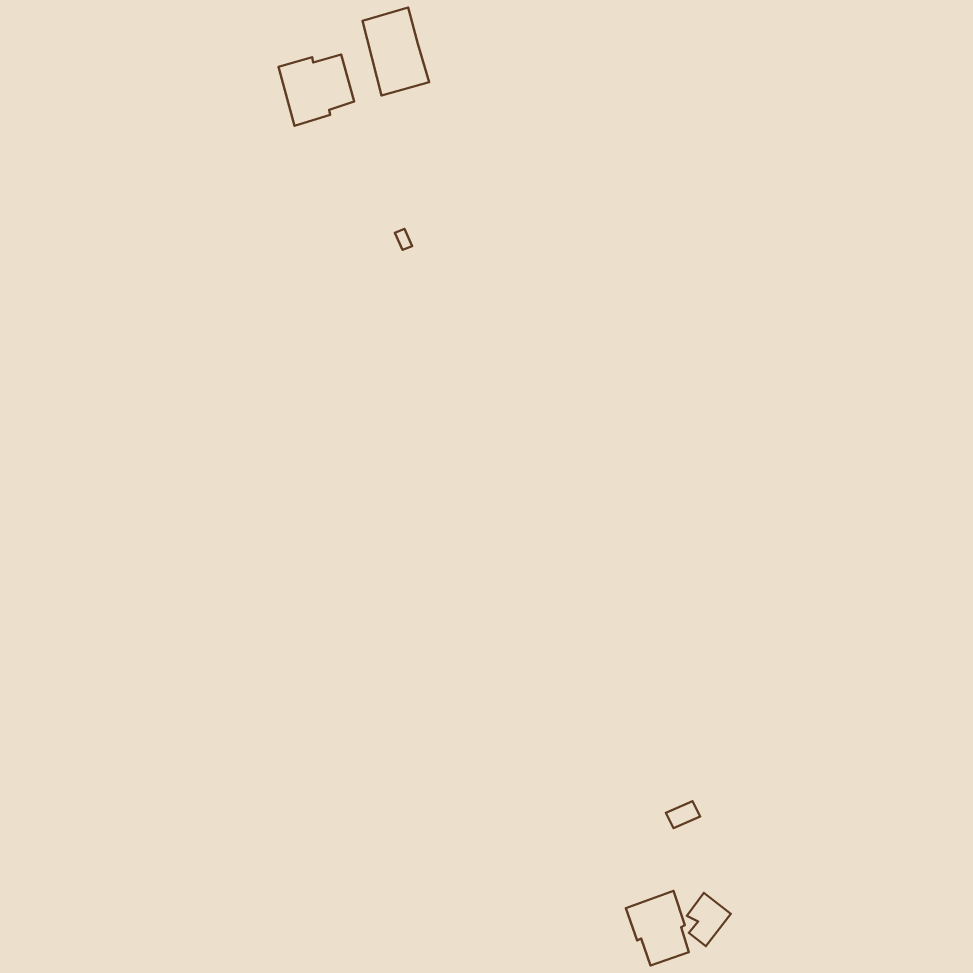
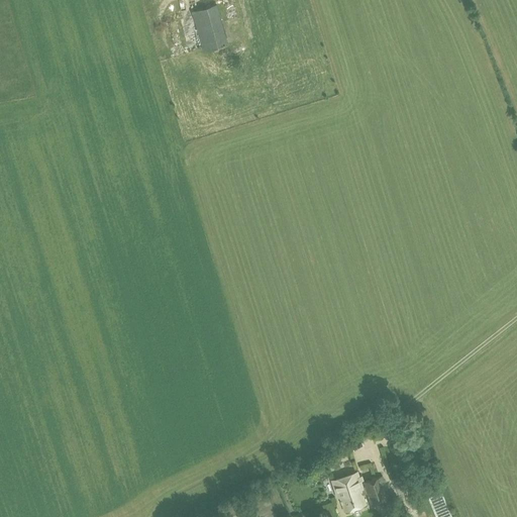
building: [278,55,354,126] -> none

